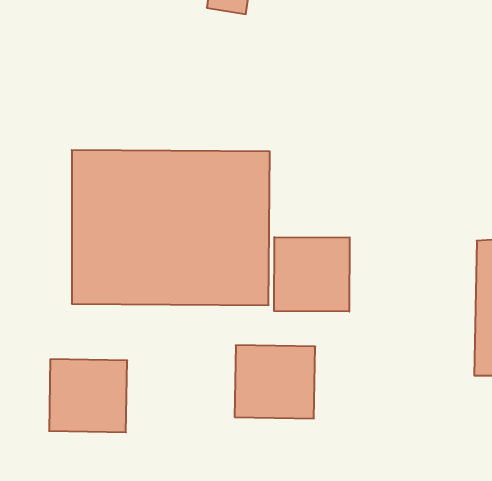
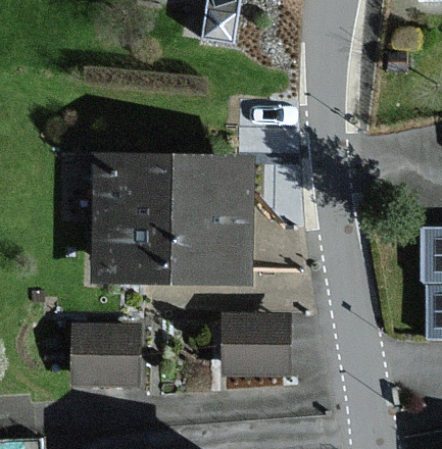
building: [274,237,350,312] -> none

